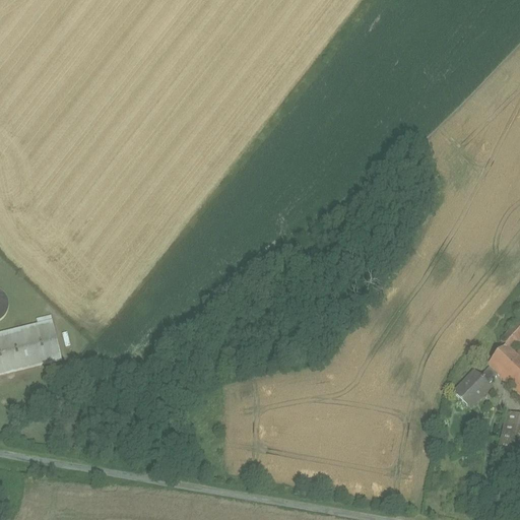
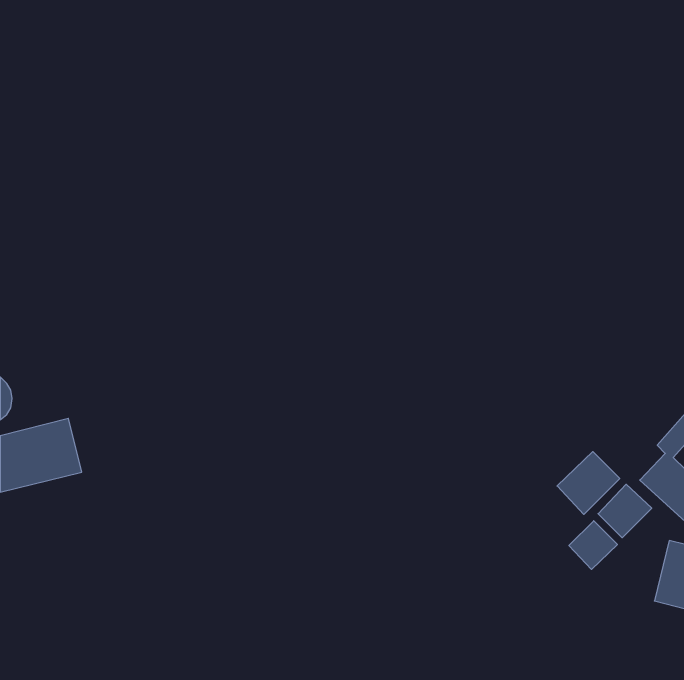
building: none -> [557,452,620,514]
building: none -> [569,521,617,569]

